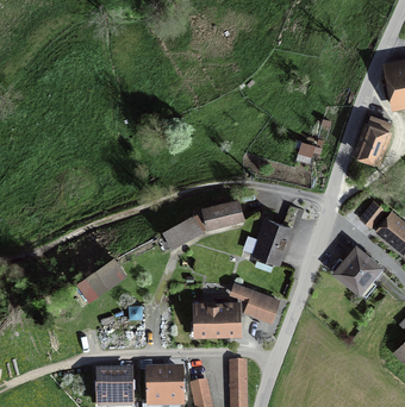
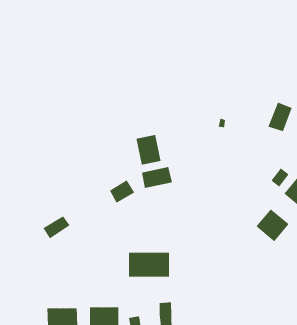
building: none -> [136,134,161,165]
building: [257,221,291,261] -> none
building: [232,284,284,323] -> none

